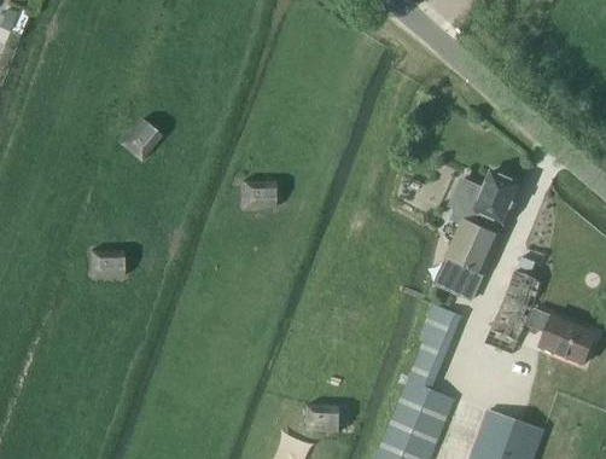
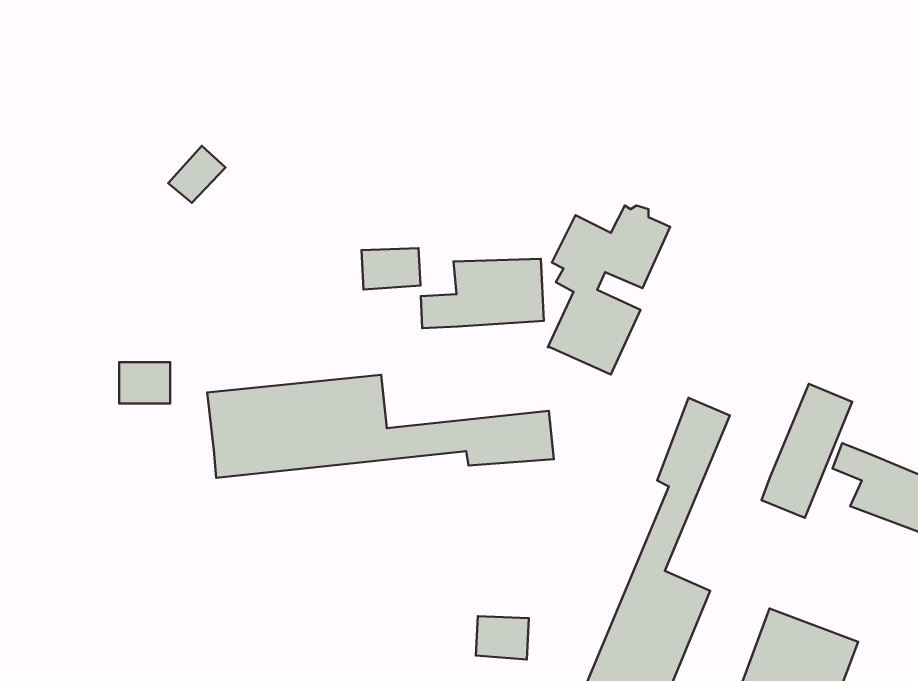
building: [444,169,519,273] -> [548,205,670,375]
building: none -> [421,259,544,328]
building: none -> [207,375,554,478]

